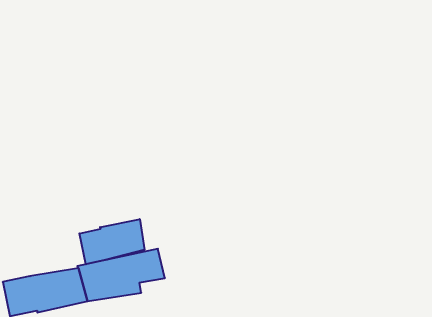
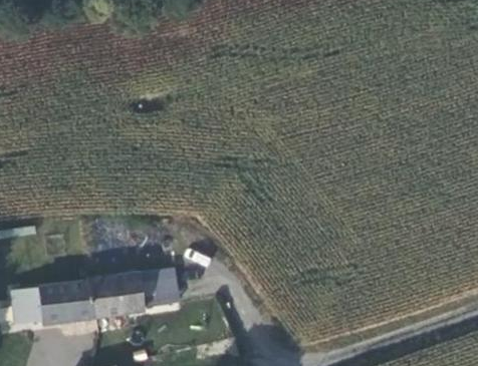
building: [79,219,145,264] -> none

